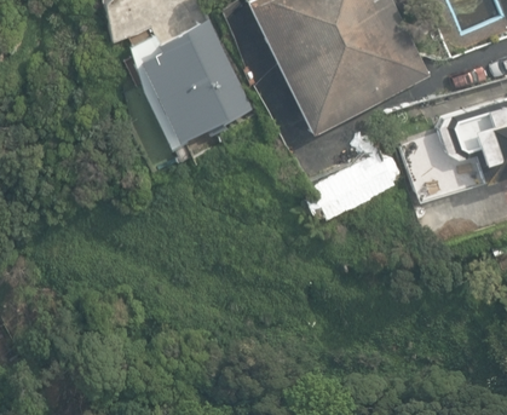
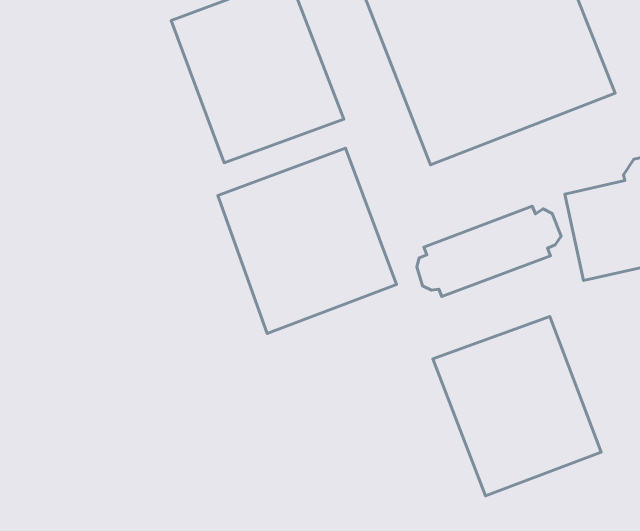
building: none -> [218,148,396,333]
building: none -> [433,317,601,496]

